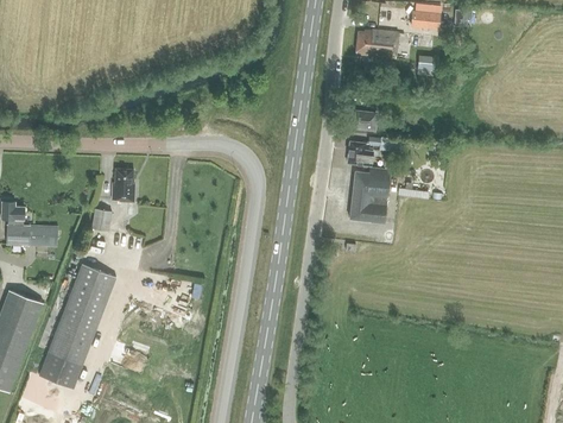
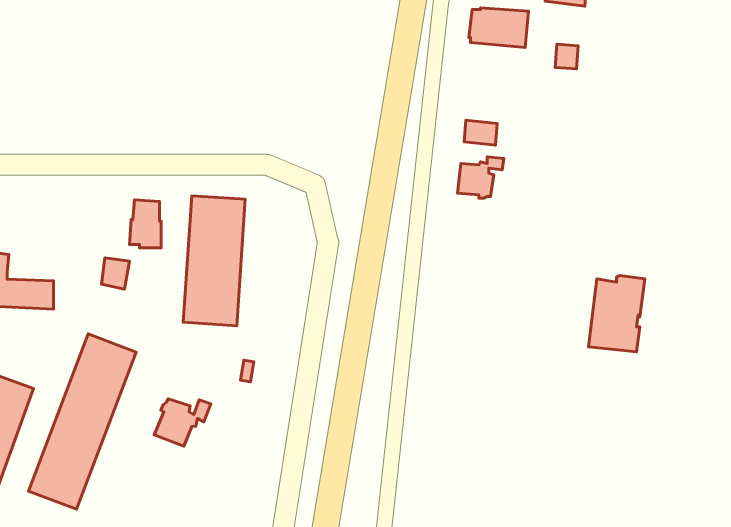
building: none -> [183,196,245,326]
building: [349,168,390,222] -> [589,276,645,352]
building: none -> [154,399,211,446]

